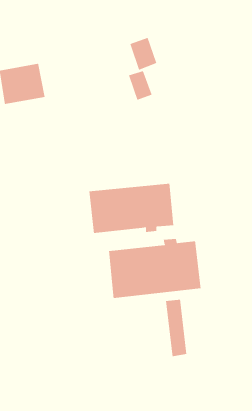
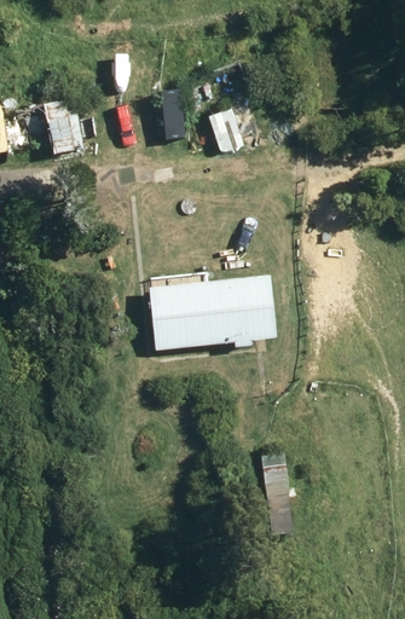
building: [108,238,201,299] -> none

